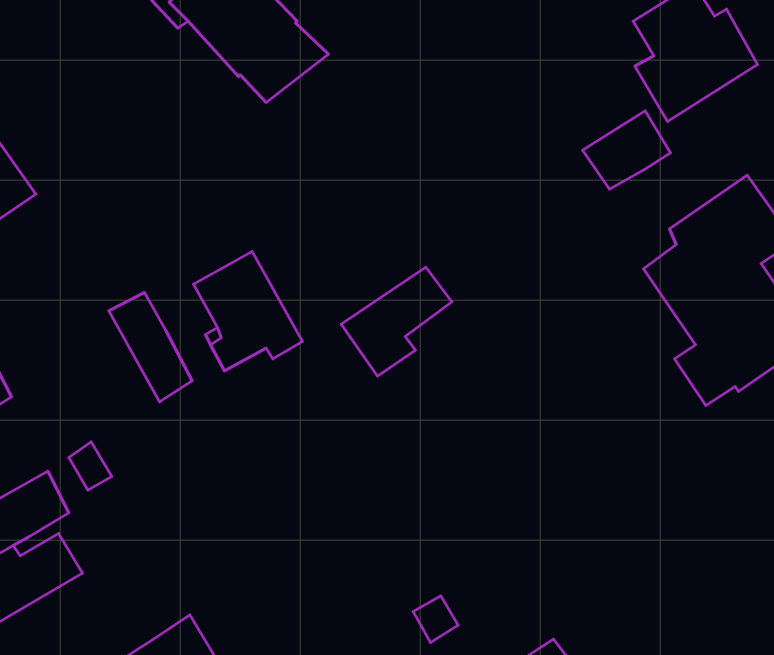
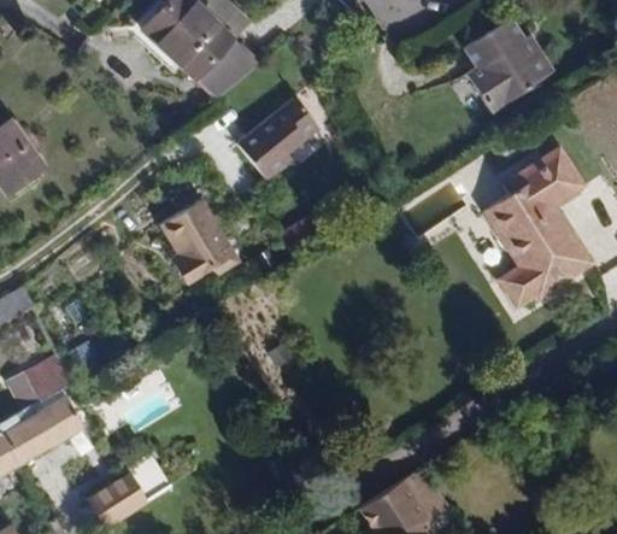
building: [583,111,671,189] -> none
building: [341,267,452,376] -> [241,100,318,176]
building: [109,292,192,402] -> none

